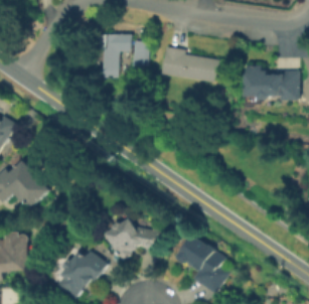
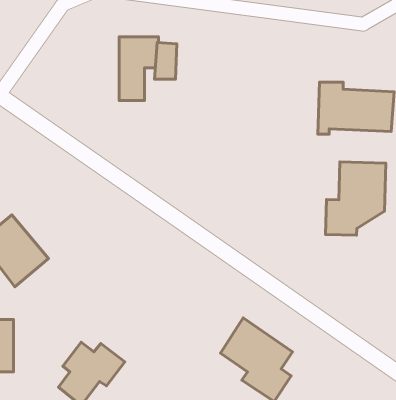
building: [161,50,219,84] -> none
building: none -> [326,162,386,235]
building: [102,215,158,261] -> none

